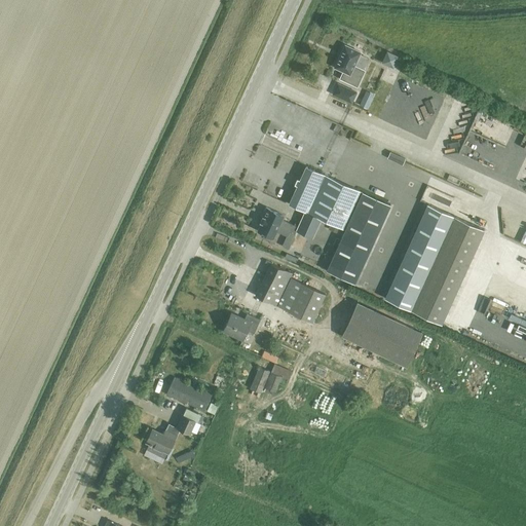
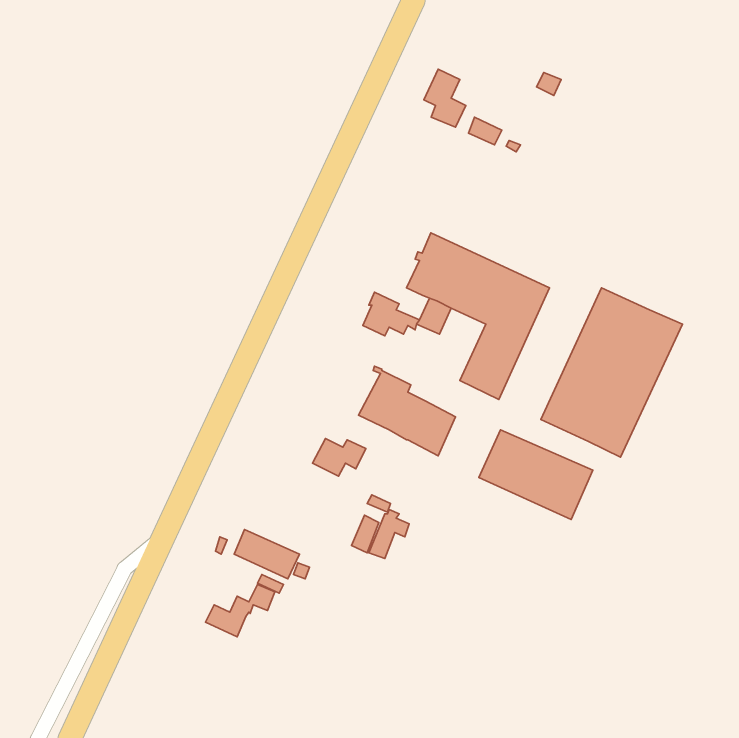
building: [335,46,365,87] -> [424,69,466,127]

